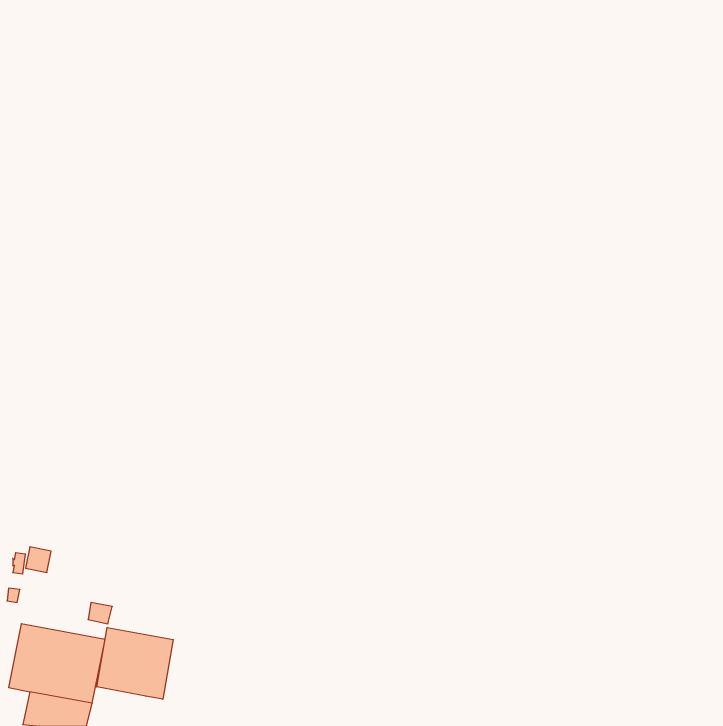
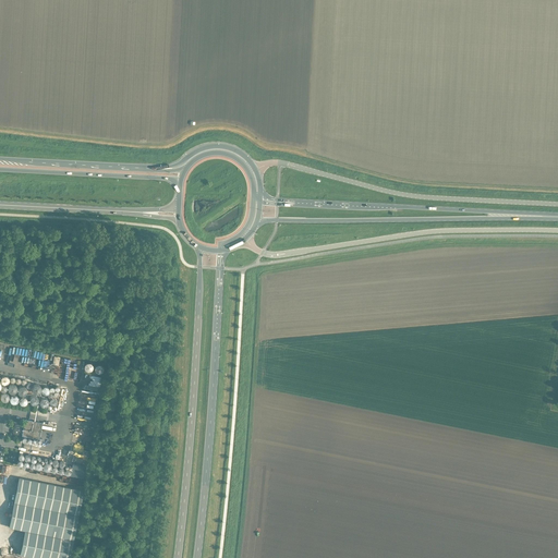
building: [97,627,173,699] -> none

